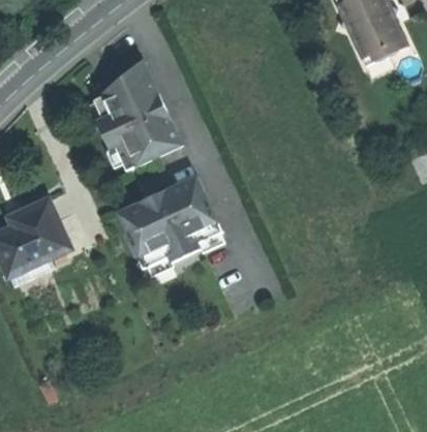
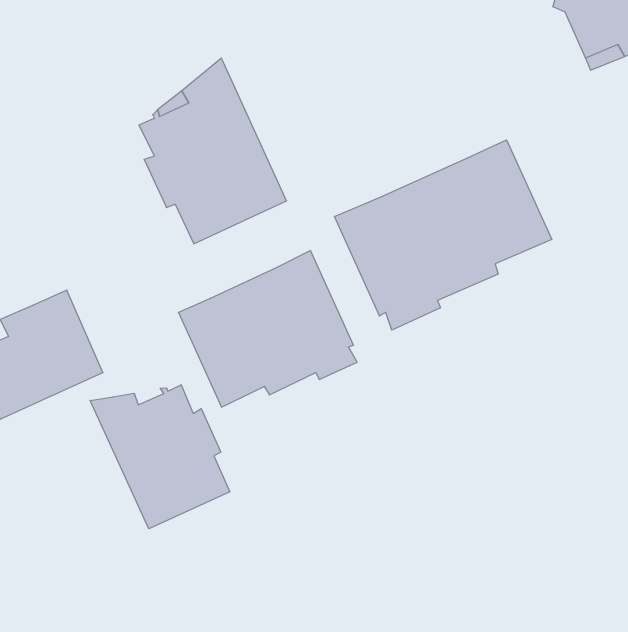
building: none -> [334,140,552,330]
building: none -> [90,385,230,529]

